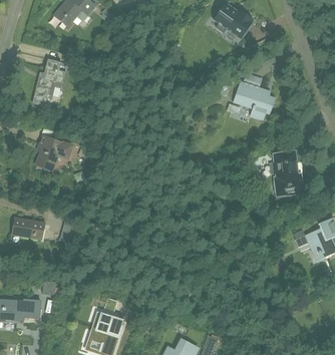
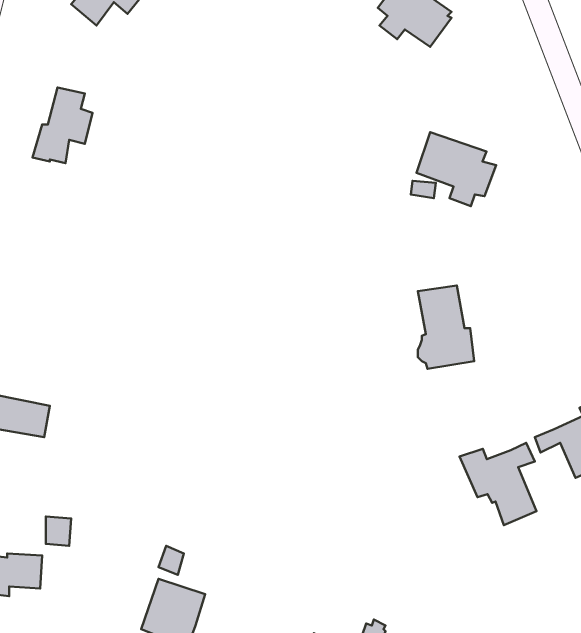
building: [36,137,73,170] -> none
building: [275,152,304,196] -> [418,285,474,369]
building: none -> [460,443,537,525]

